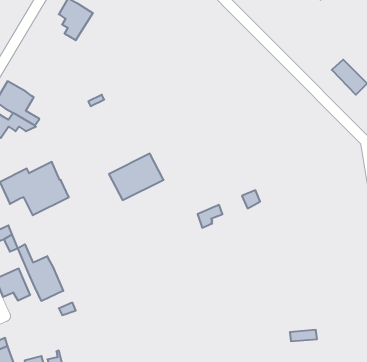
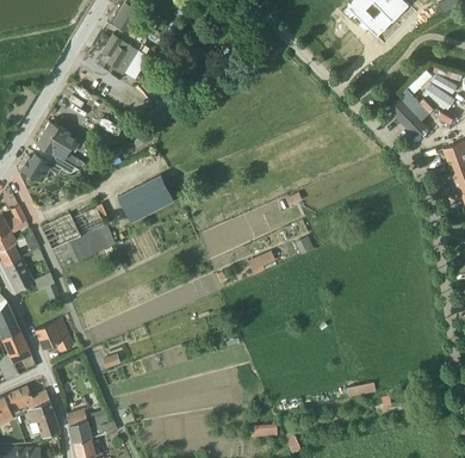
building: [109,154,164,200] -> [117,174,174,223]
building: [18,244,63,301] -> none

